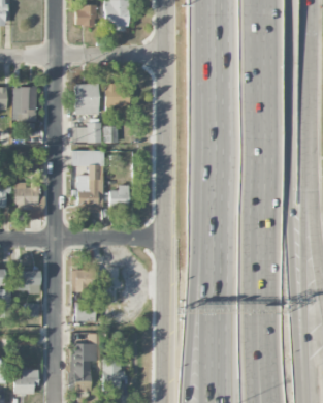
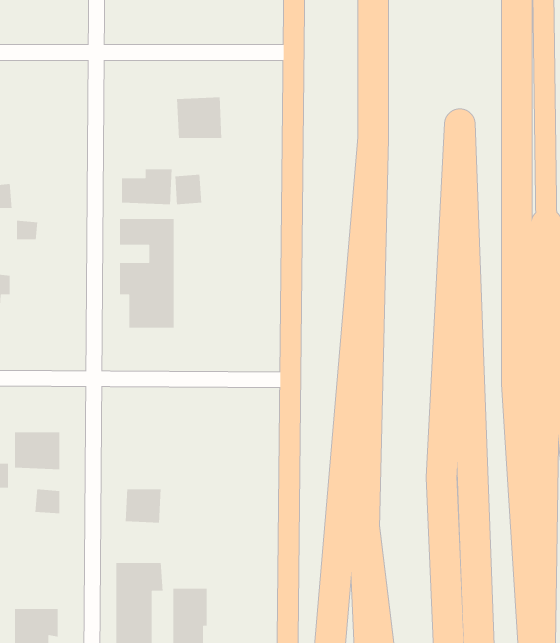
building: [75,83,100,114] -> none
building: [13,86,37,121] -> none
building: [14,181,45,218] -> none
building: [110,184,130,208] -> none
building: [72,269,98,293] -> none

